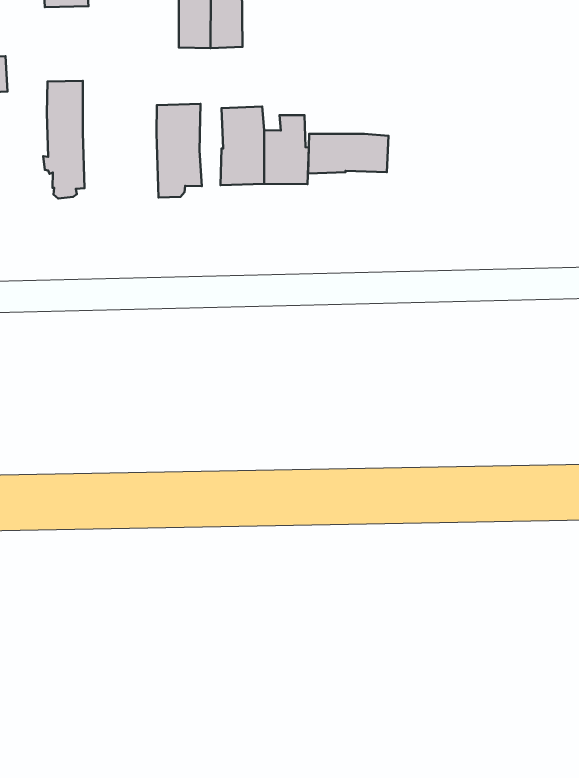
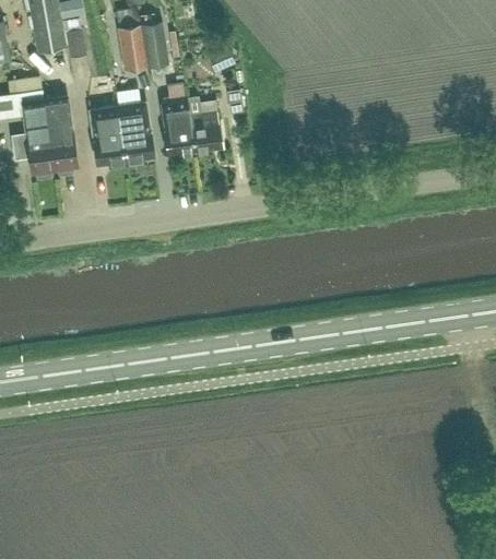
building: none -> [20,90,57,178]
building: none -> [90,107,127,168]
building: [308,134,388,173] -> none

